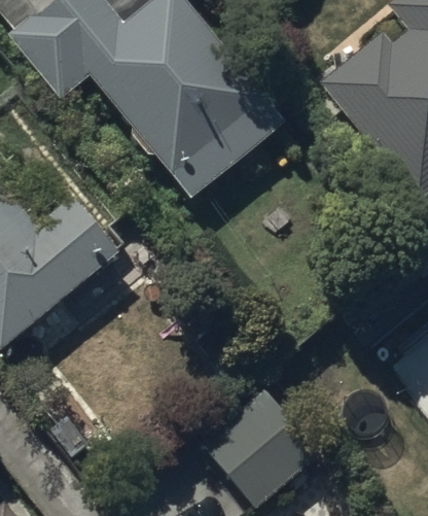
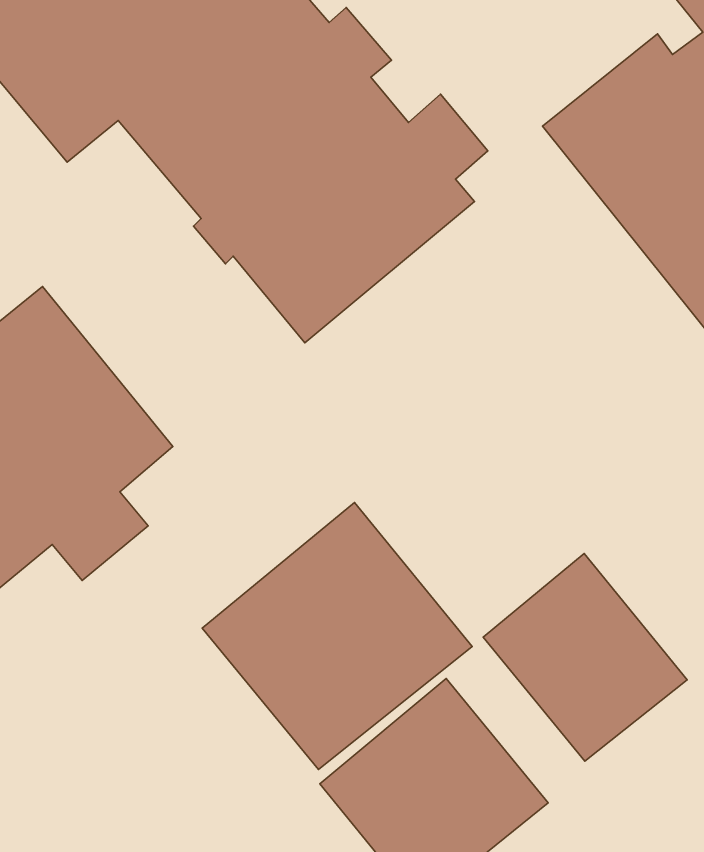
building: none -> [202,502,472,770]
building: none -> [483,554,687,761]

